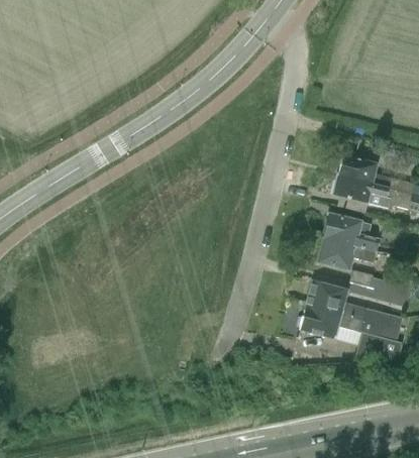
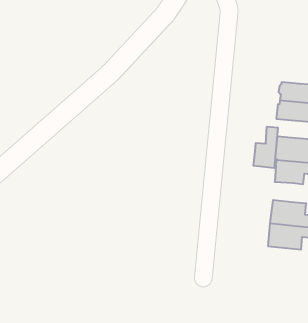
building: none -> [253,127,278,168]

